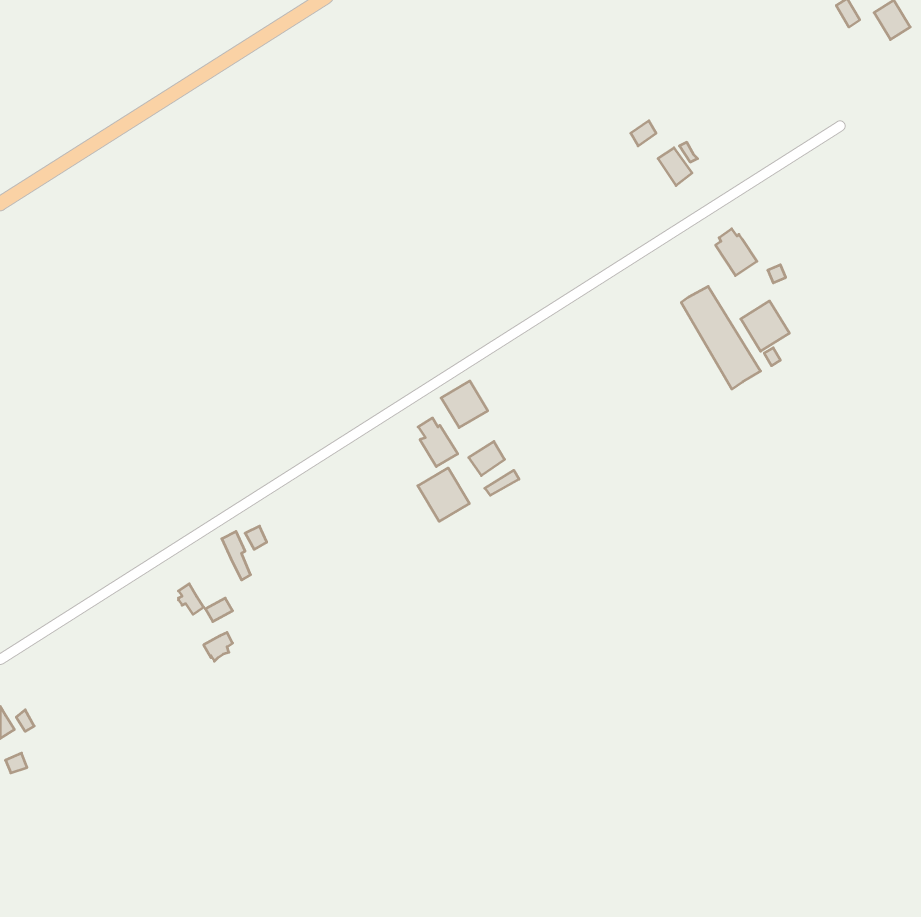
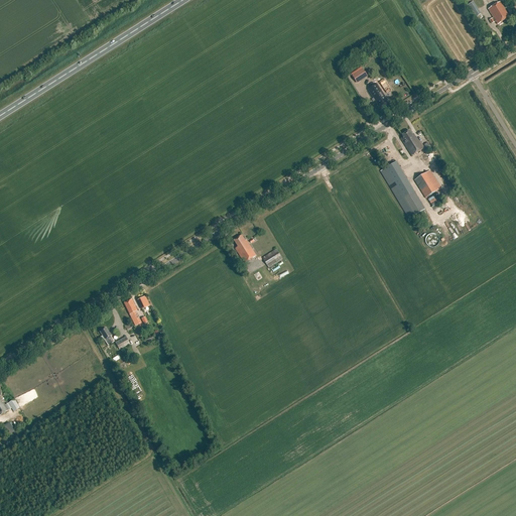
building: [441,381,488,428] -> none
building: [418,468,469,521] -> none

